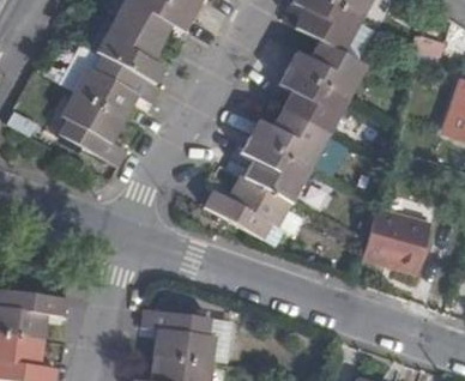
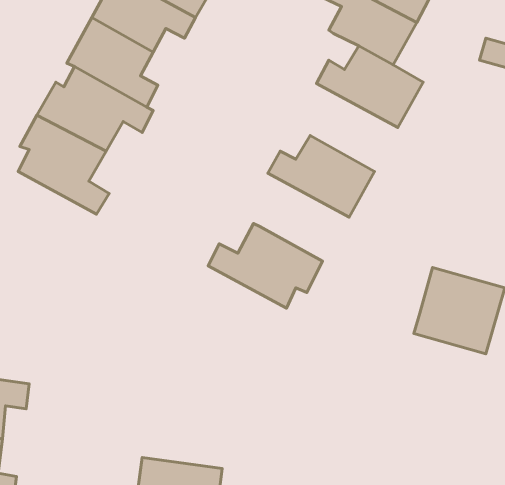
building: [277,67,348,134] -> none
building: [240,135,310,204] -> none
building: [139,306,217,361] -> none

